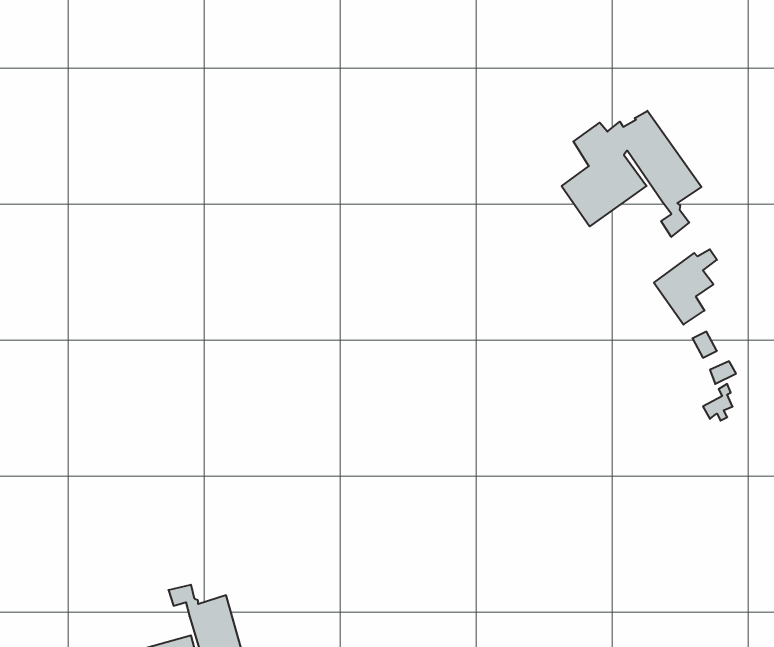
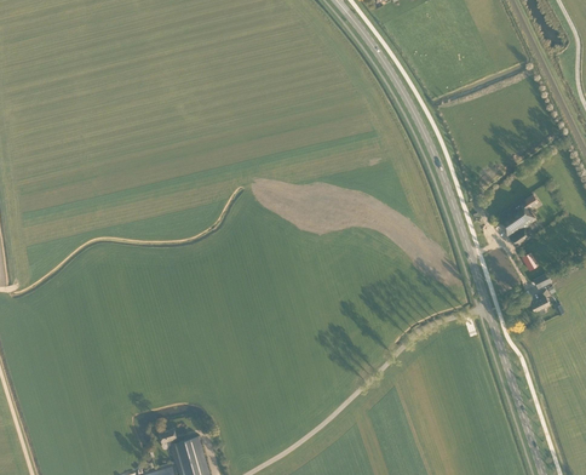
building: [562,111,701,237] -> none

